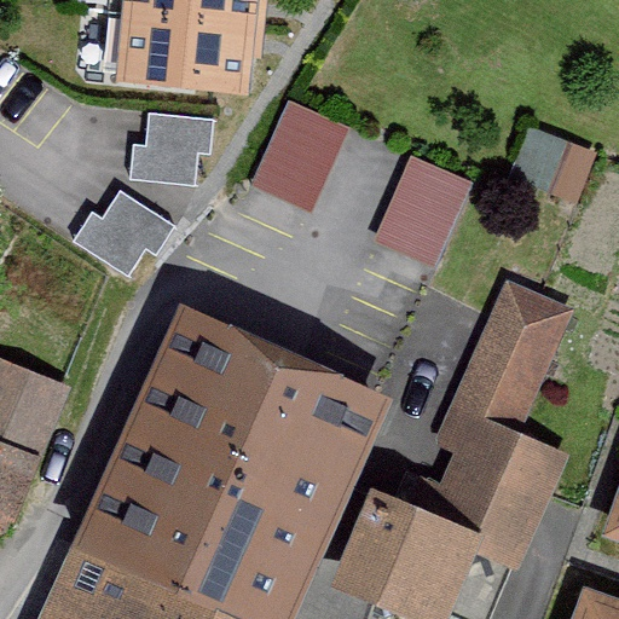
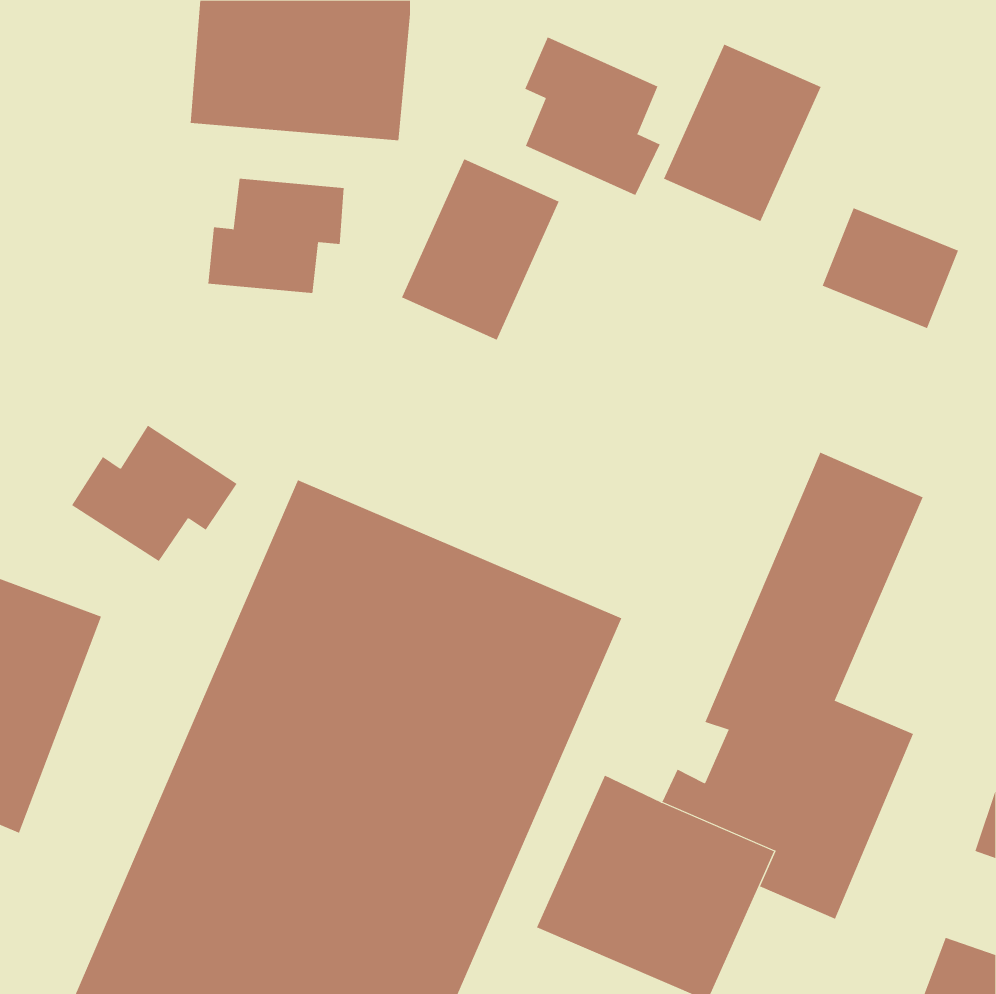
building: none -> [525,36,661,196]
building: [372,156,470,266] -> [663,44,822,222]
building: [71,191,174,276] -> [71,425,237,562]

